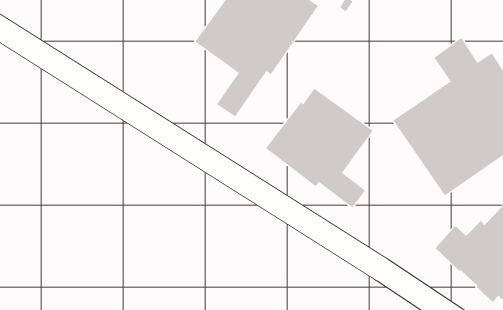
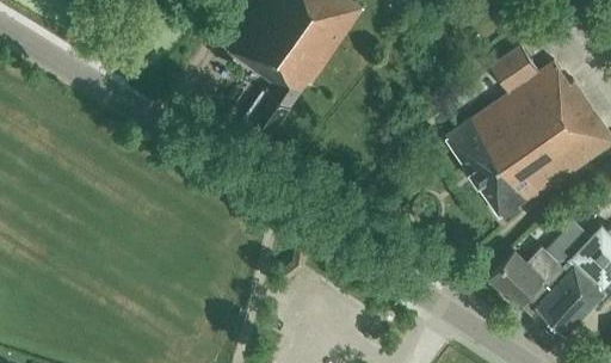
building: [265,88,373,208] -> none

